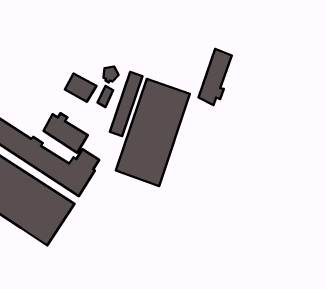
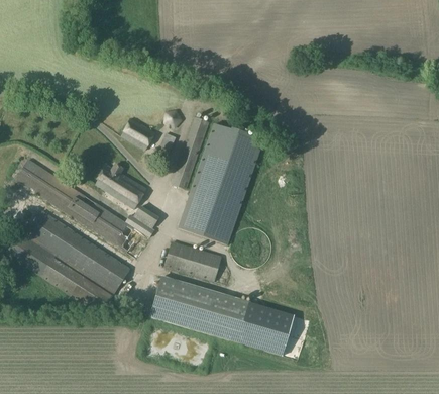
building: [199,49,232,105] -> none
building: none -> [162,239,221,281]
building: none -> [148,276,293,355]

